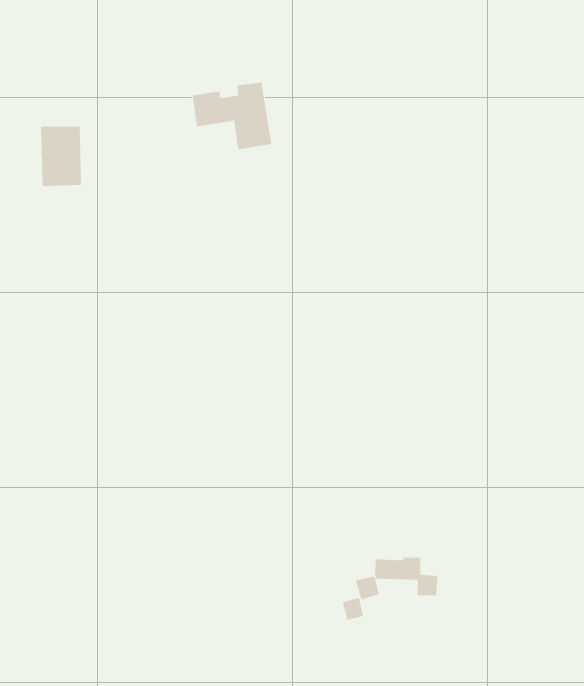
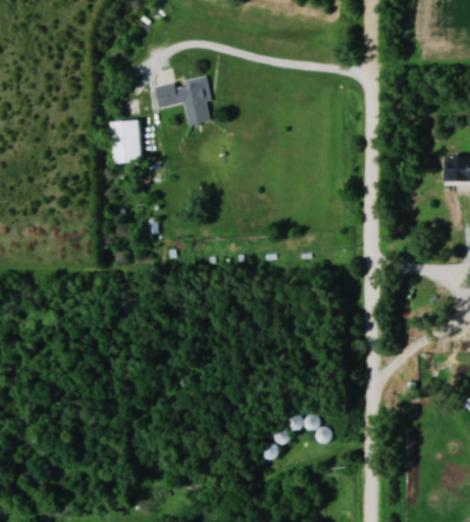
building: [40,126,82,186] -> [111,120,141,163]

